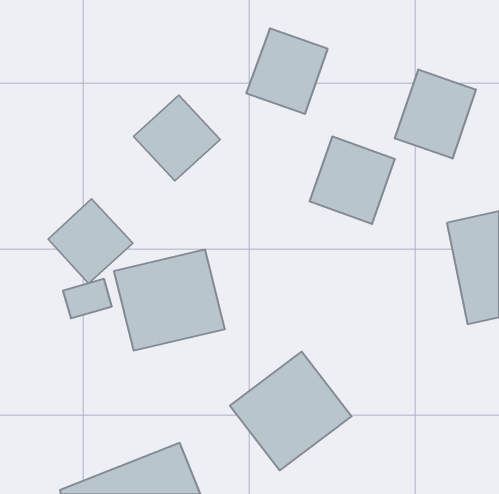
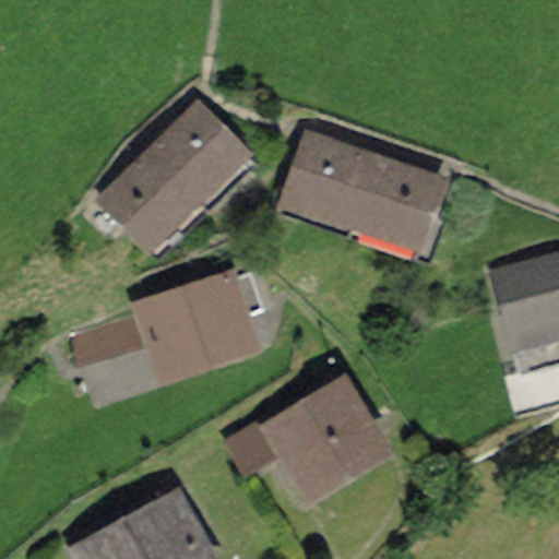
building: [246,28,328,114] -> [278,129,369,224]
building: [395,69,476,159] -> none
building: [48,199,133,283] -> [100,152,194,246]

